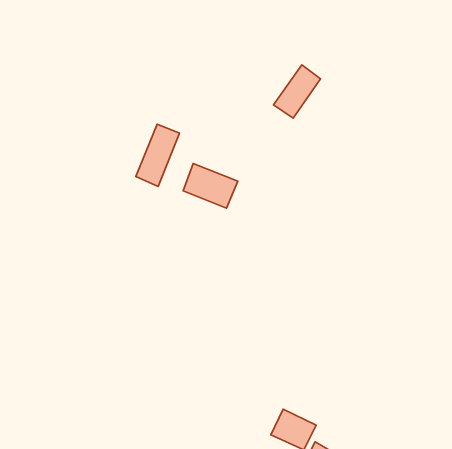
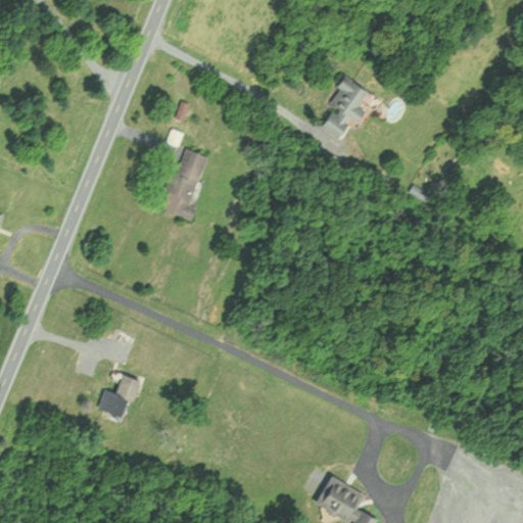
building: [183,163,238,208] -> none
building: none -> [98,374,140,421]

